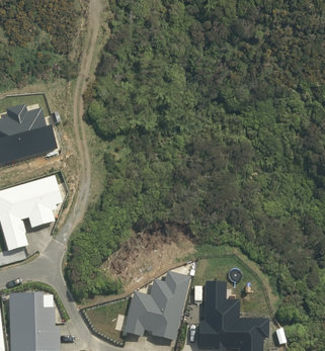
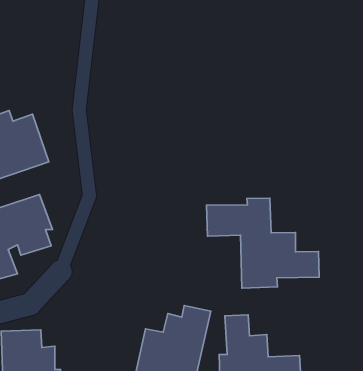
building: none -> [207,198,319,288]

